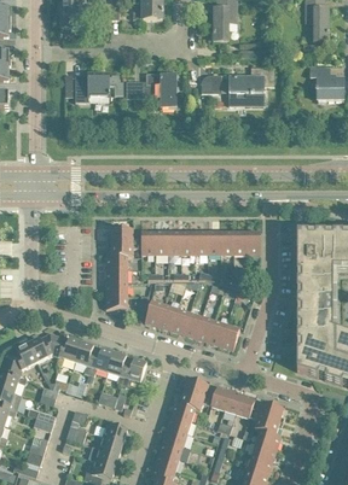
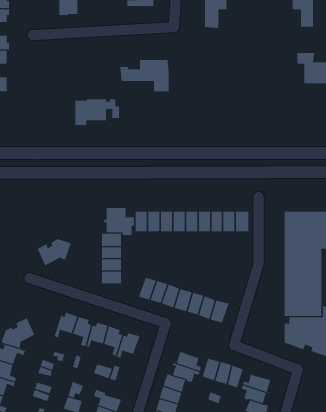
building: [202,66,274,104] -> none
building: [76,74,123,101] -> [75,99,120,126]
building: [29,332,65,361] -> [37,238,71,266]

